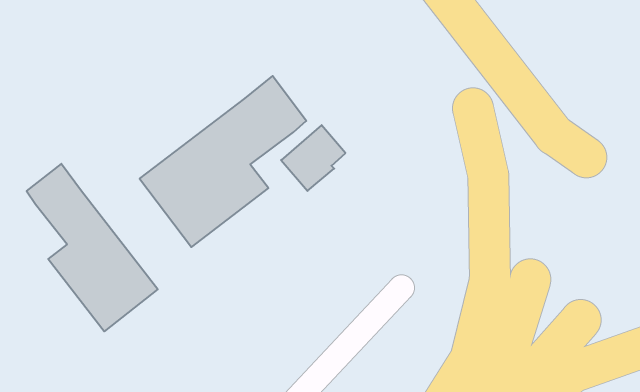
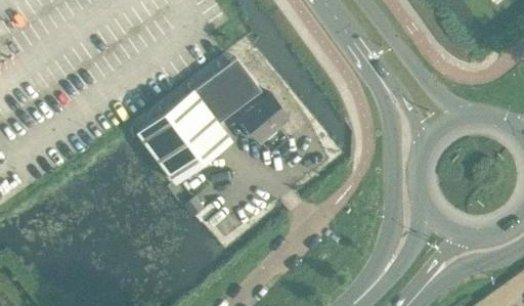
building: [27,164,158,331] -> none

